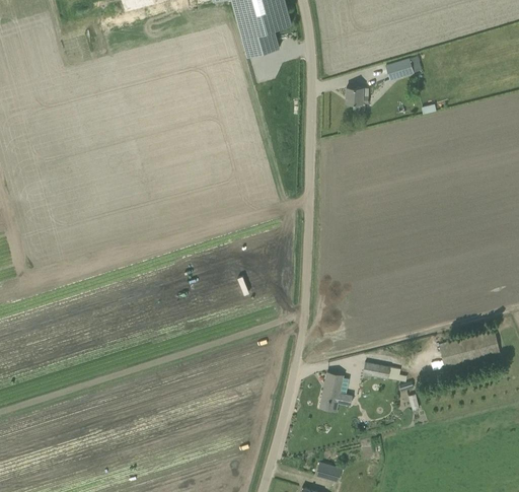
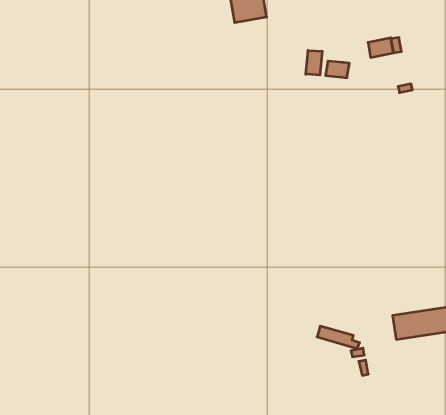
building: none -> [306,50,322,75]
building: [319,372,351,411] -> none

